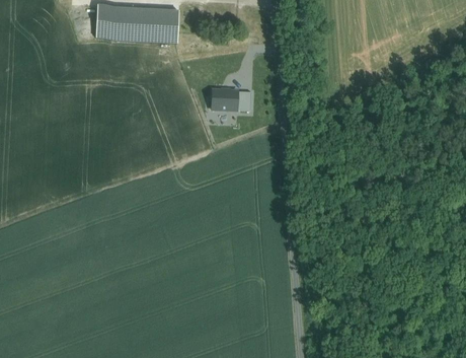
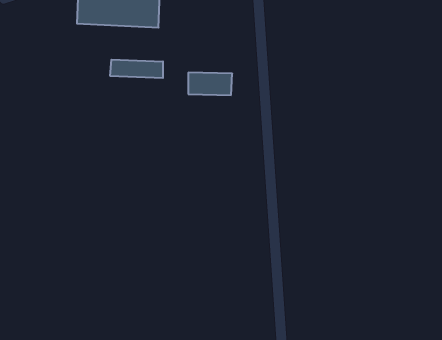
building: none -> [110,60,163,78]

